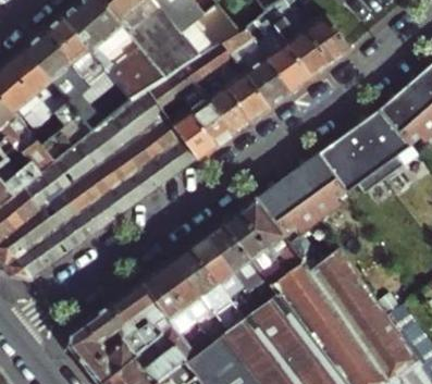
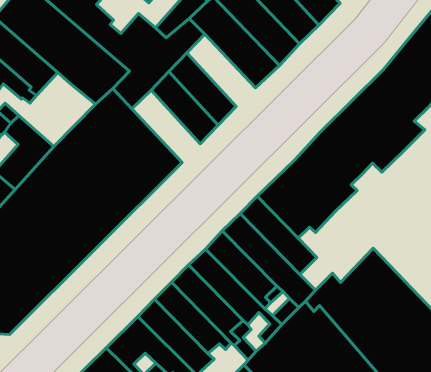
building: [217,58,269,122] -> none
building: [77,80,134,131] -> none
building: [163,97,215,161] -> none

